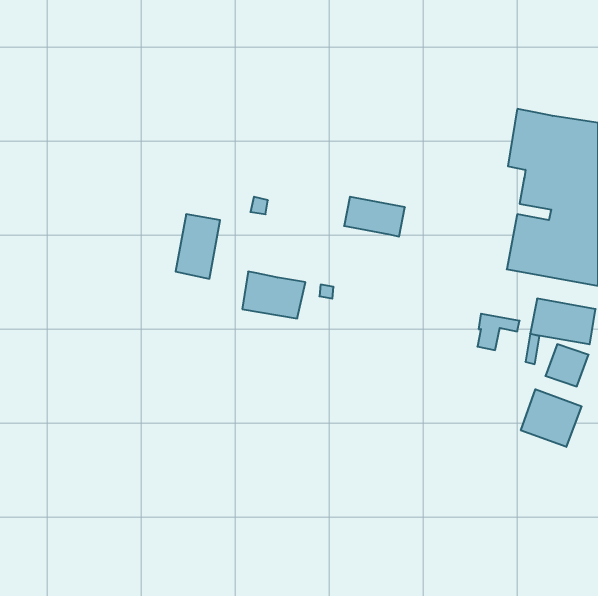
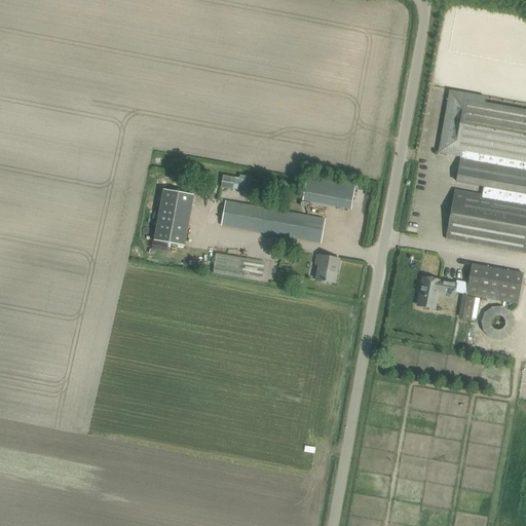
building: none -> [222,199,325,241]
building: none -> [315,253,339,281]
building: [521,389,582,447] -> none

